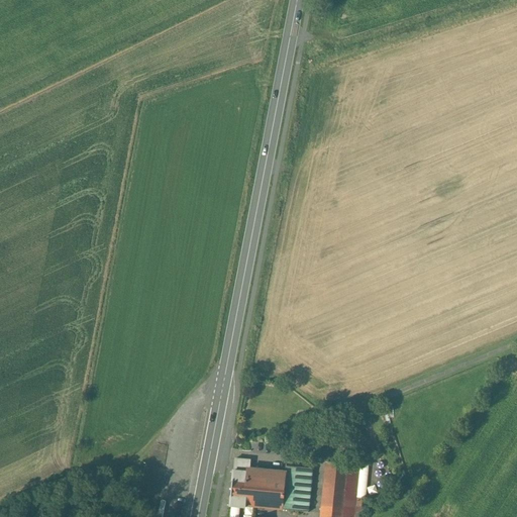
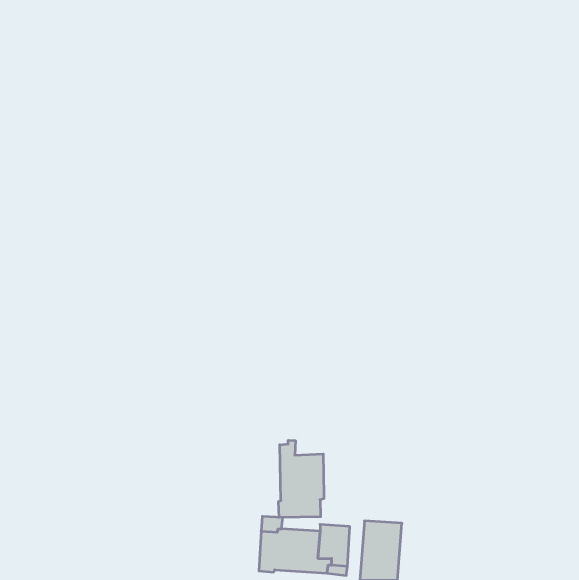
building: none -> [279,440,324,517]

